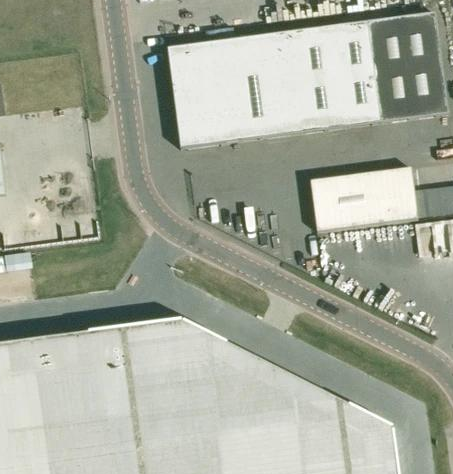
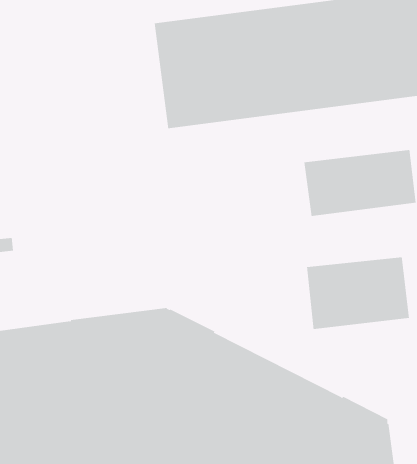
building: none -> [306,257,409,330]

